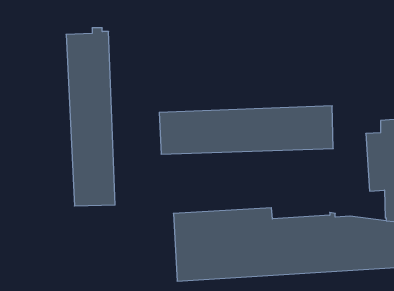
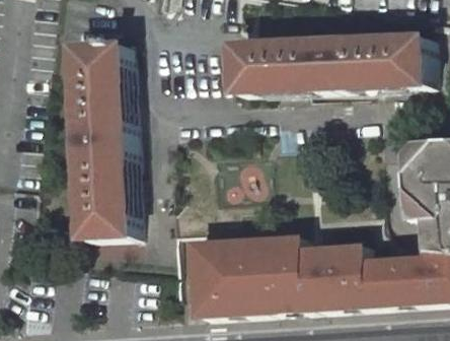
building: [159,106,333,154] -> [233,38,424,90]

